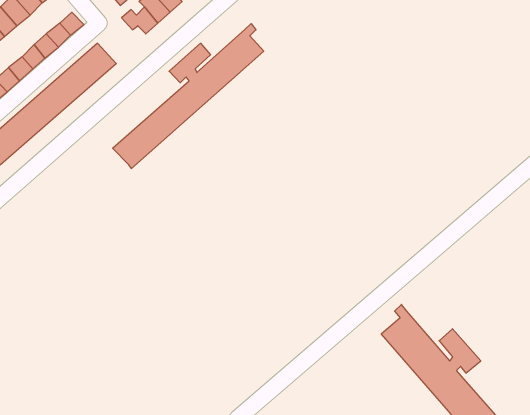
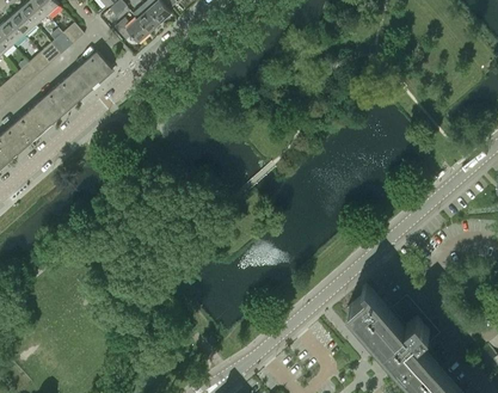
building: [113,24,264,169] -> none

